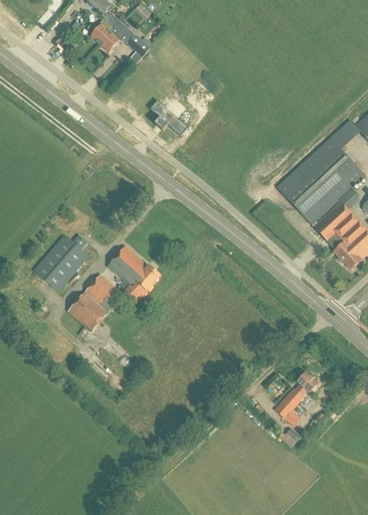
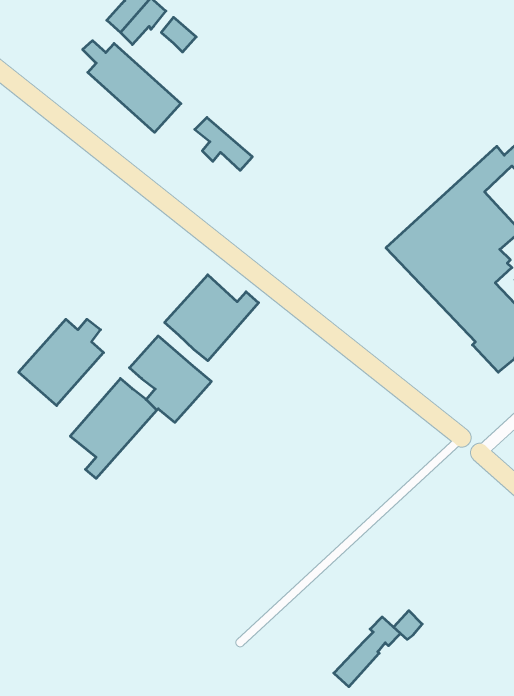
building: none -> [83,41,181,132]
building: none -> [165,275,259,361]
building: [272,372,317,418] -> [334,617,400,687]

